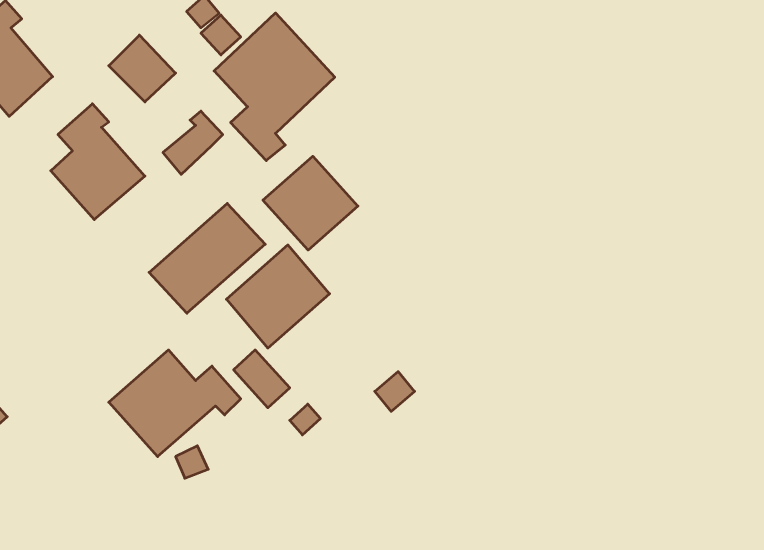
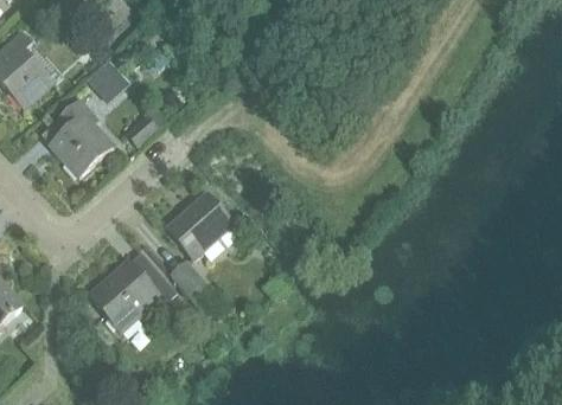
building: [214,13,335,161] -> none
building: [263,156,358,250] -> none
building: [149,203,265,313] -> none

